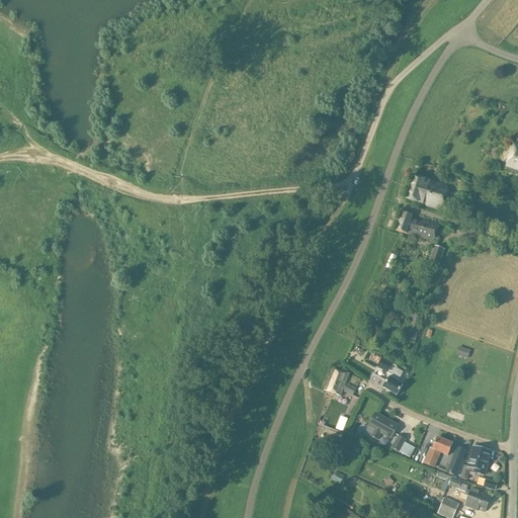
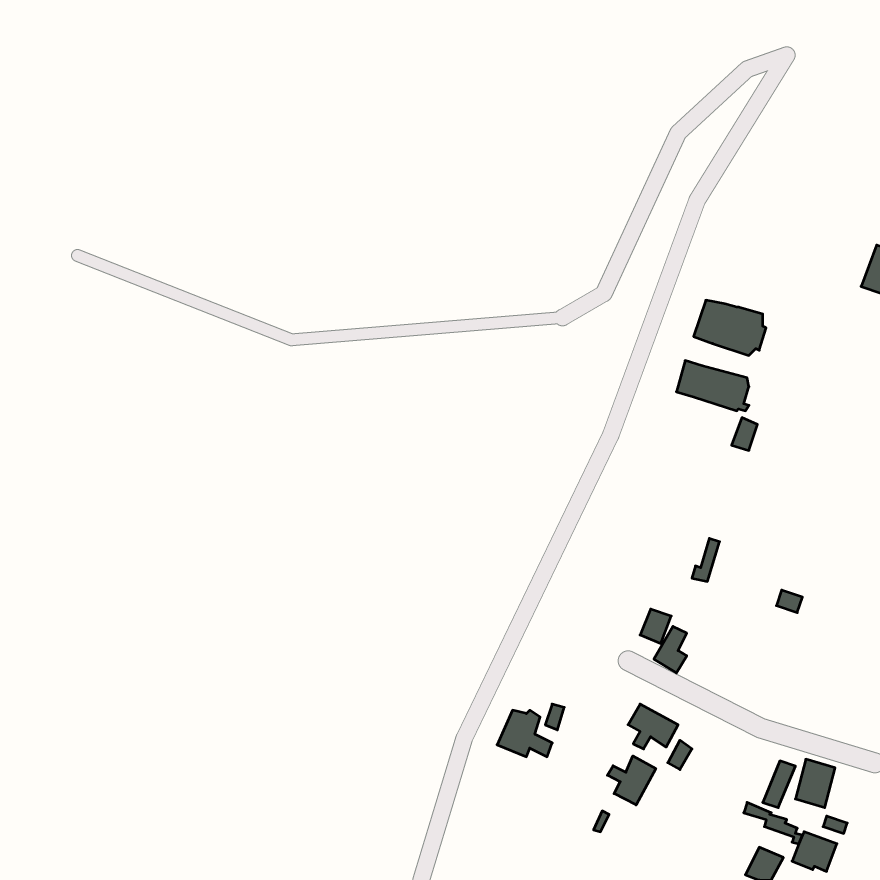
building: [325,368,357,396] -> [497,710,552,757]
building: [424,437,454,467] -> none
building: none -> [607,756,656,805]

